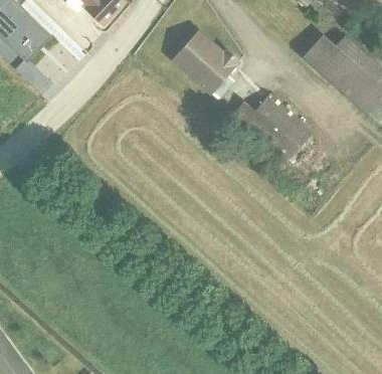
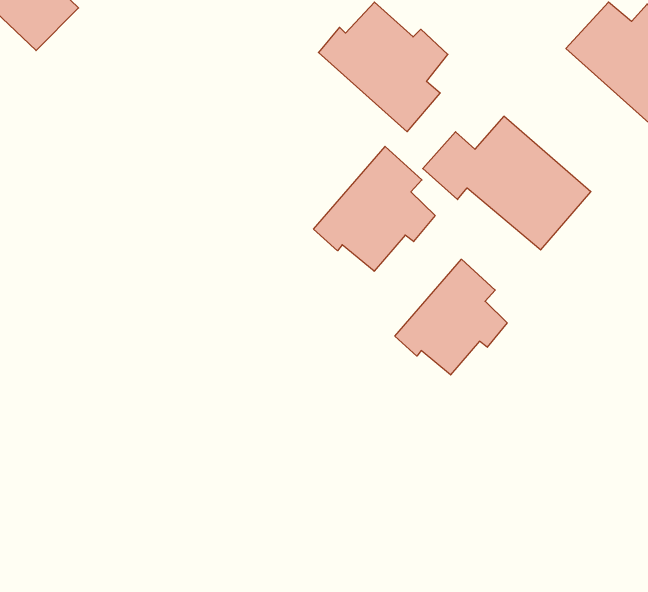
building: none -> [314,146,435,271]
building: none -> [395,259,507,375]

